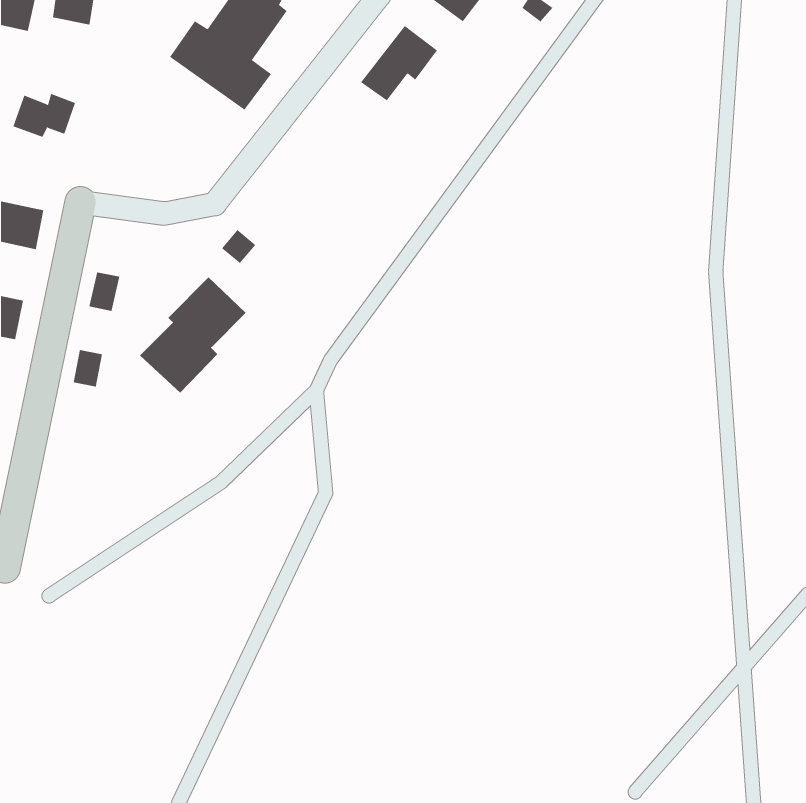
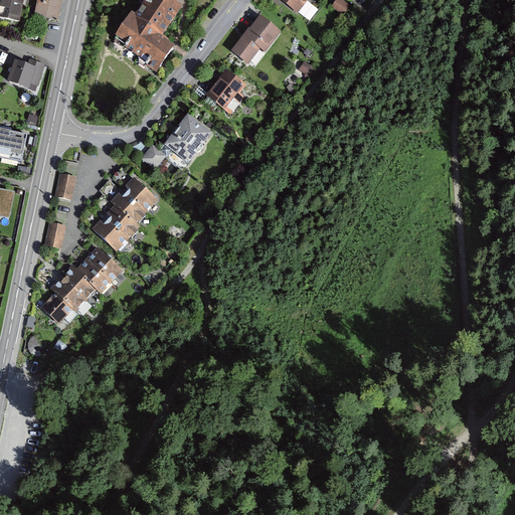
building: none -> [205,68,243,109]
building: none -> [162,114,211,163]
building: none -> [39,245,122,323]

